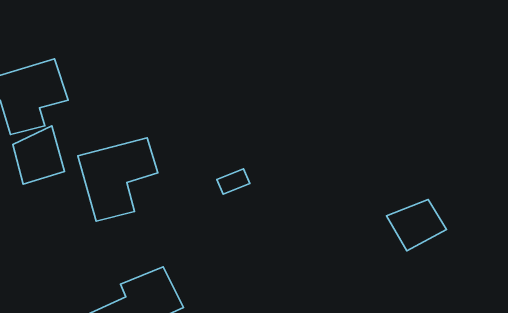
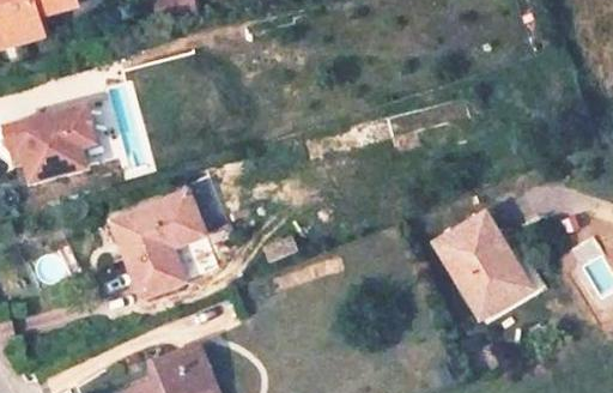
building: [13,126,65,184] -> none
building: none -> [435,217,505,283]

